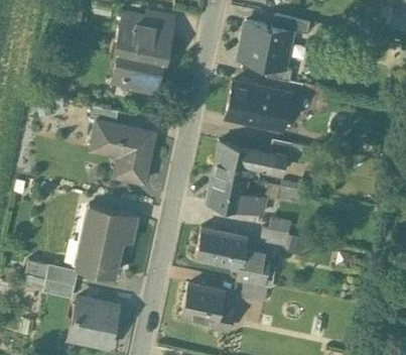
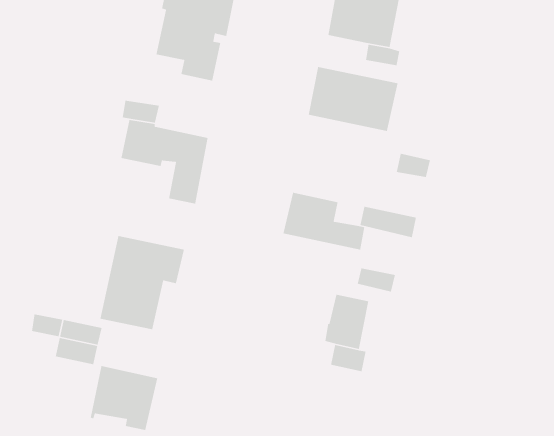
building: [215,142,285,180] -> none
building: [195,226,248,267] -> none
building: [182,283,230,330] -> none

